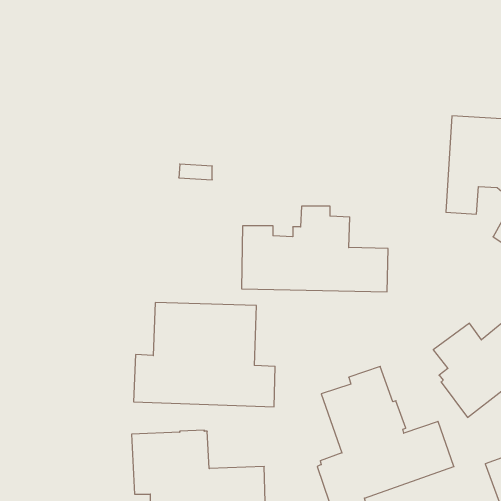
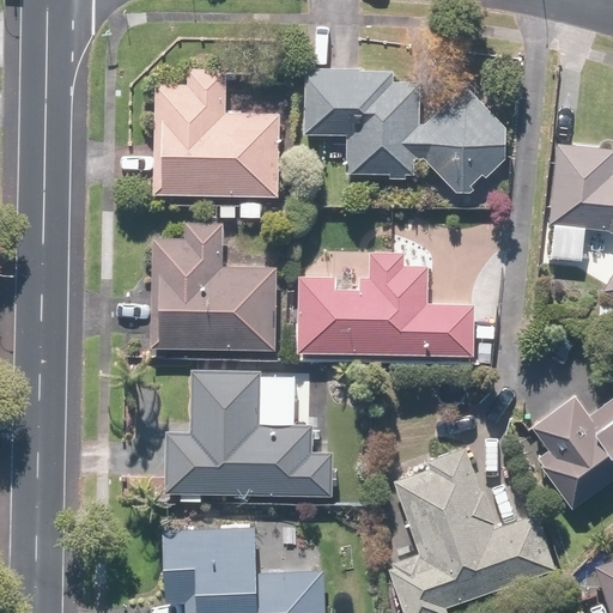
building: none -> [152,68,279,199]
building: none -> [303,68,505,194]
building: none -> [150,223,277,351]

